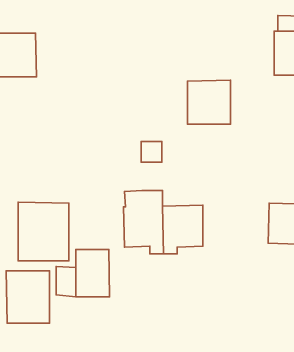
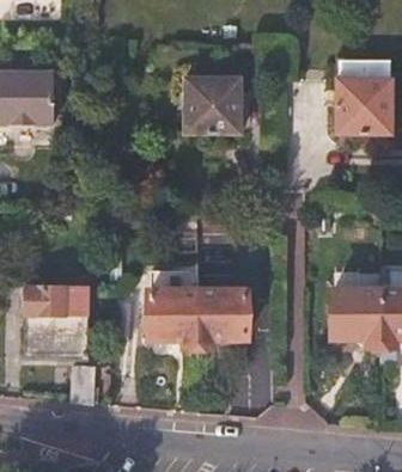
building: [187,80,230,124] -> [187,79,239,133]
building: [76,250,110,297] -> none
building: [6,271,49,323] -> none

